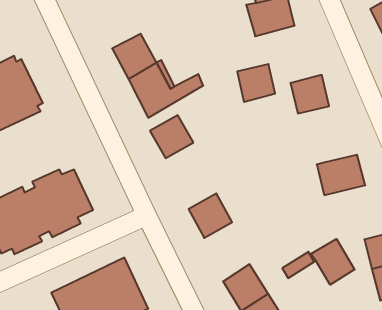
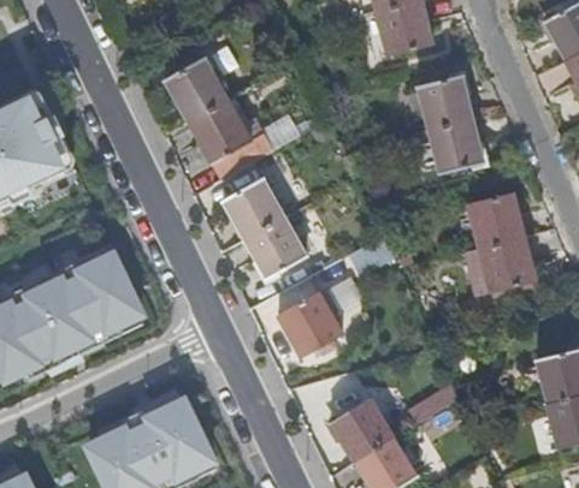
building: [237,64,275,102] -> [418,76,473,131]
building: none -> [467,191,525,246]
building: none -> [244,218,308,281]
building: [311,239,355,285] -> none

